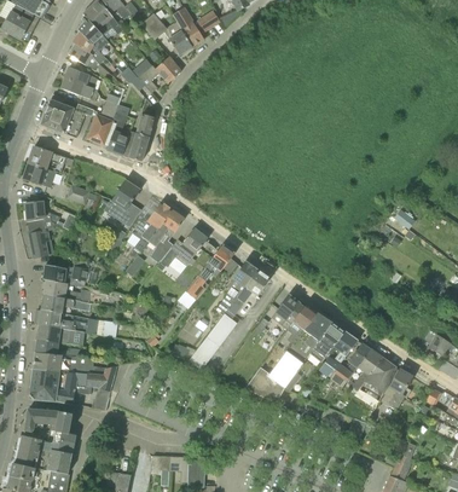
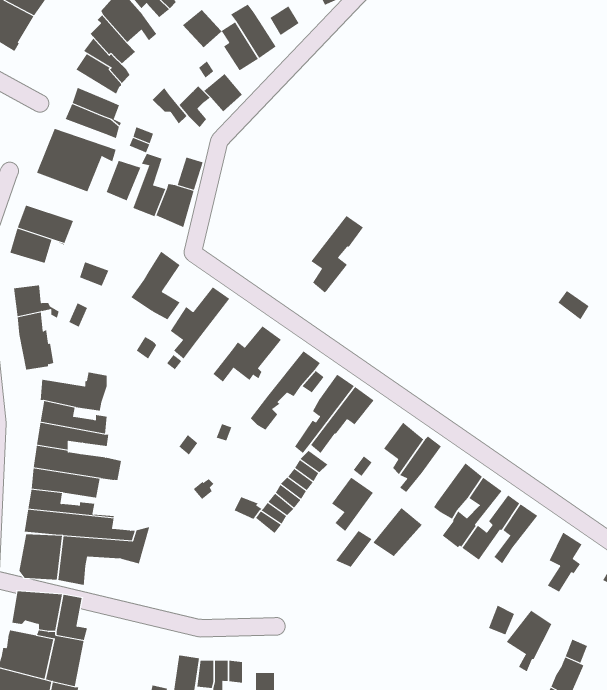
building: [149,210,185,264] -> [310,215,364,293]
building: [303,311,332,348] -> [331,477,374,532]
building: [365,358,396,400] -> [506,610,552,672]

